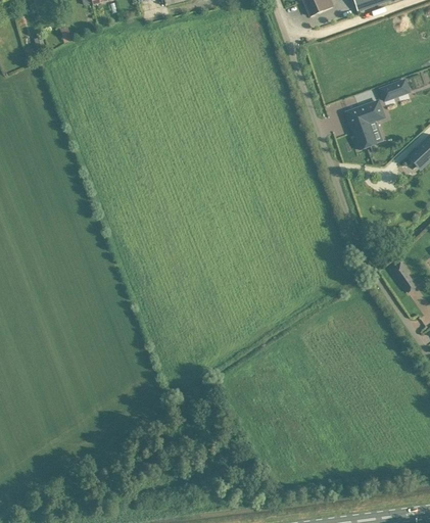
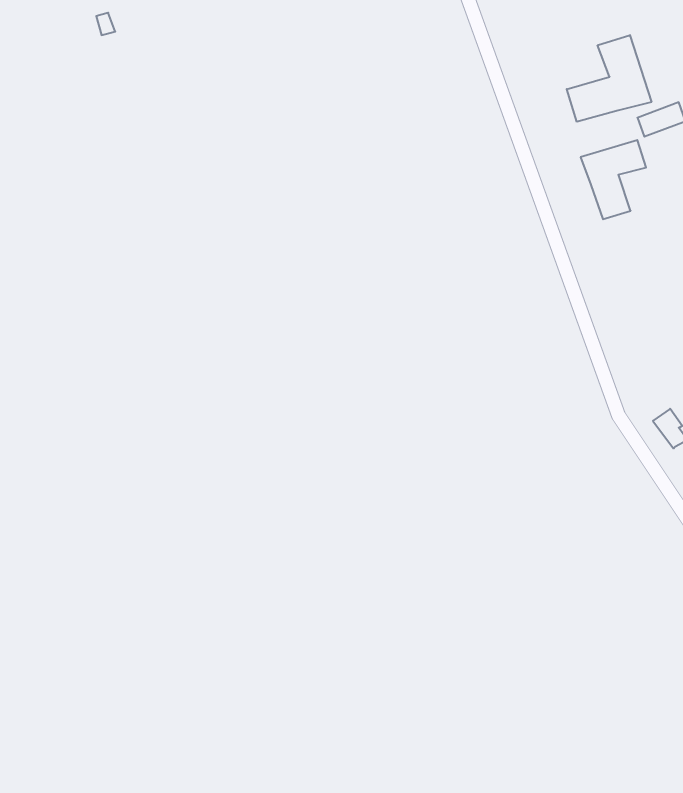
building: none -> [567,35,651,122]

